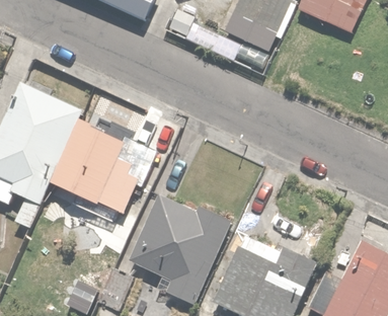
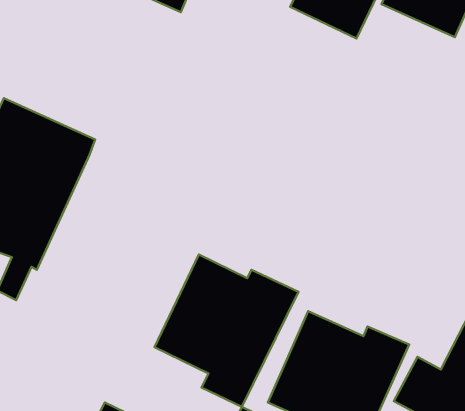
building: [43,123,156,225] -> none

